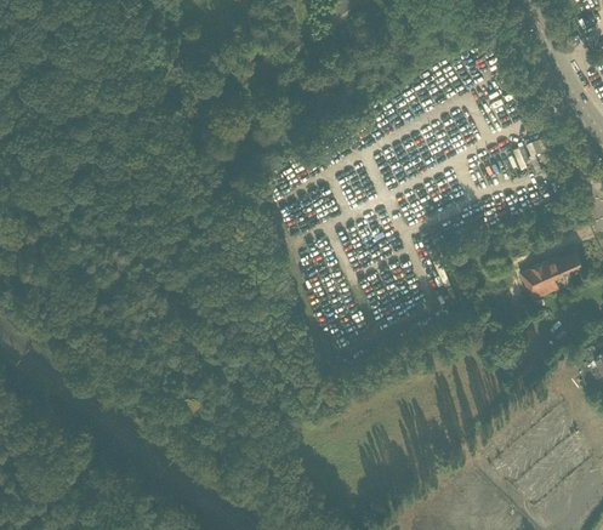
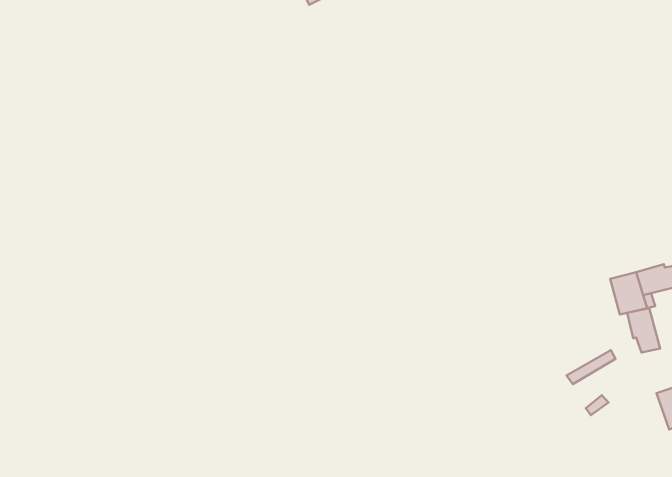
building: none -> [627,308,660,353]

